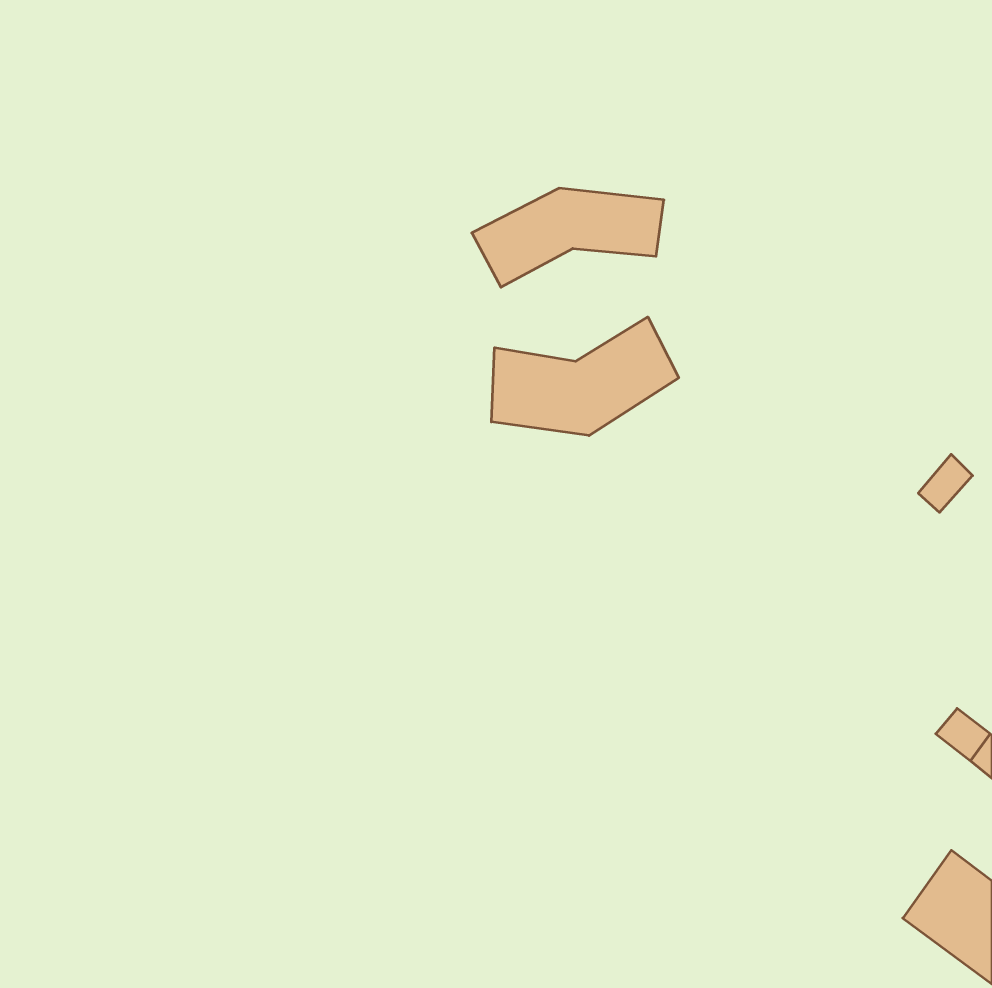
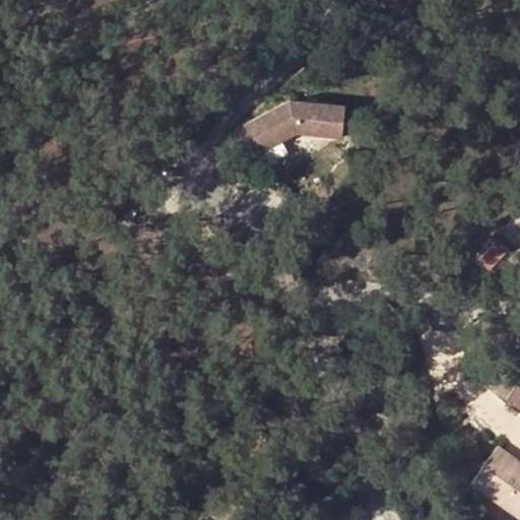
building: [491,317,679,436] -> none

